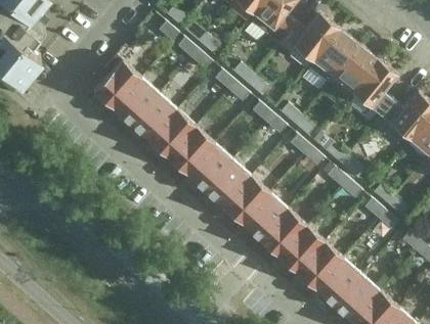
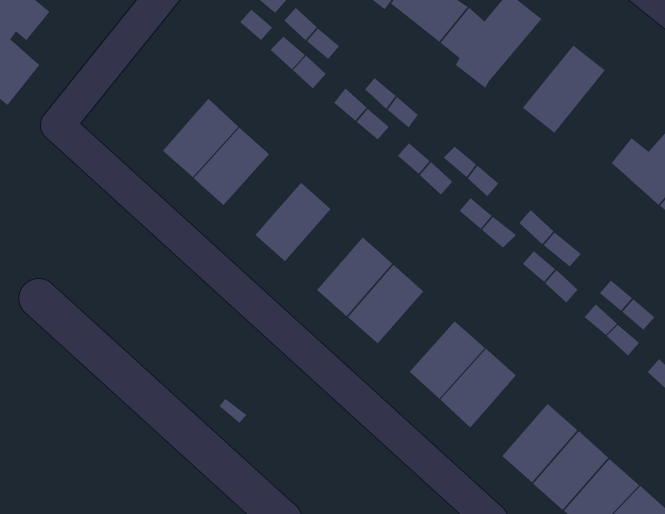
building: [309,29,359,82] -> none
building: [95,54,141,107] -> none
building: [347,59,399,115] -> none
building: [150,109,197,157] -> none
building: [187,142,233,190] -> none
building: [243,191,289,239] -> none
building: [298,241,344,289] -> none

